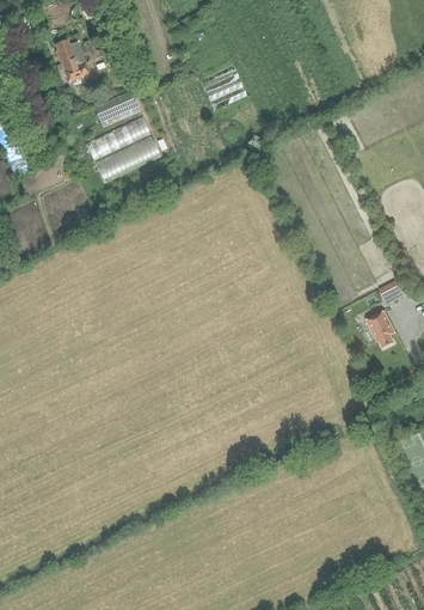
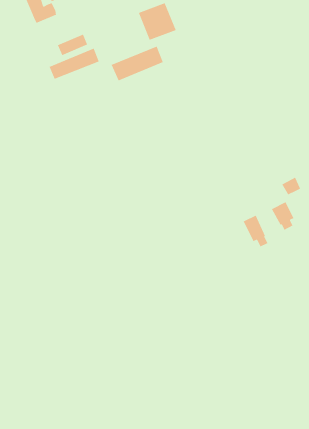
building: [93,134,160,179] -> [111,46,164,82]
building: none -> [243,214,269,248]

